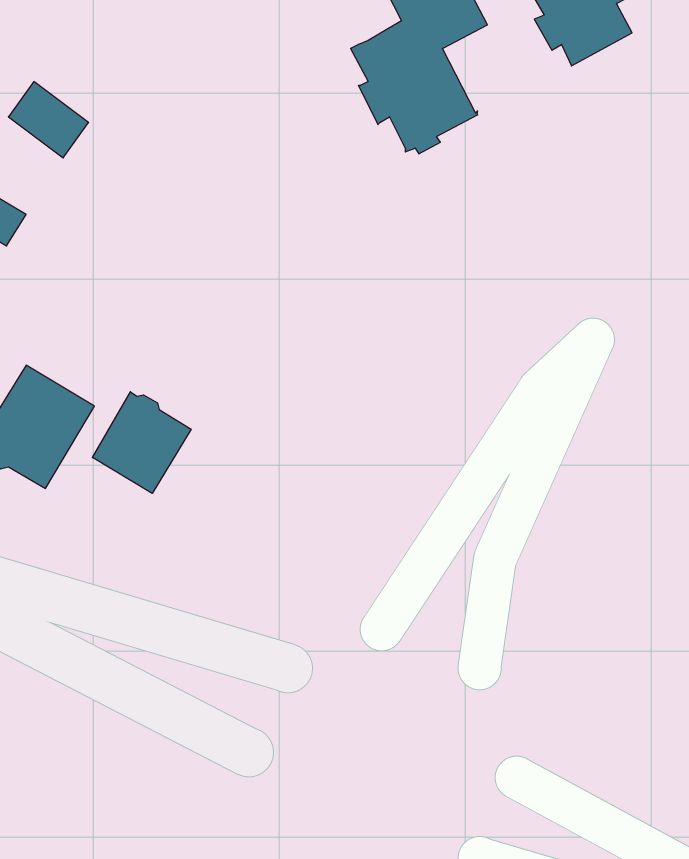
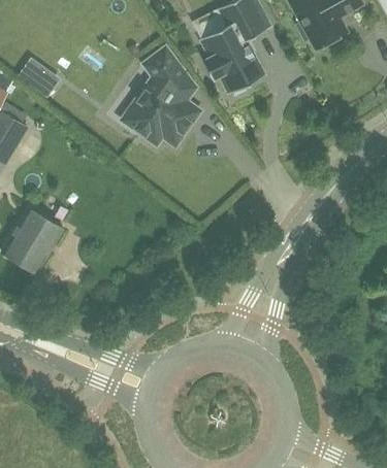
building: none -> [120,46,199,145]
building: [92,392,191,493] -> none

